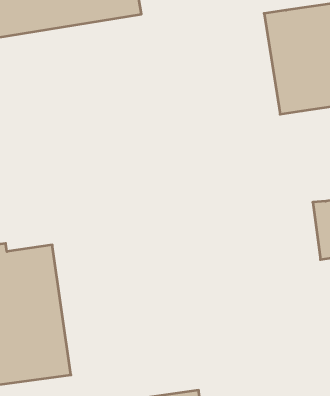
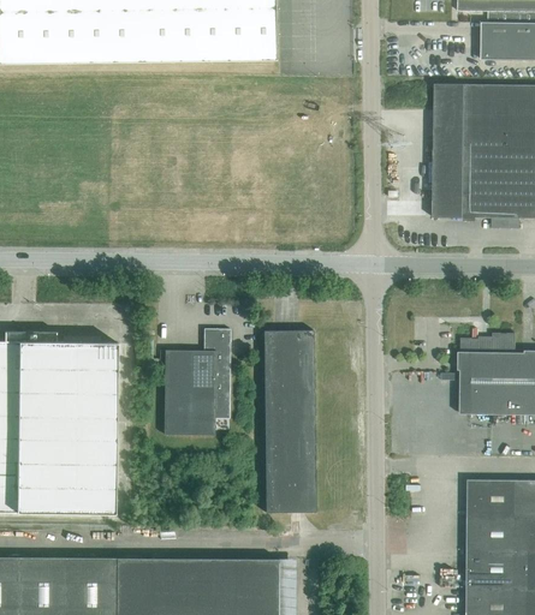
building: none -> [263,330,315,512]
building: none -> [164,329,230,435]

